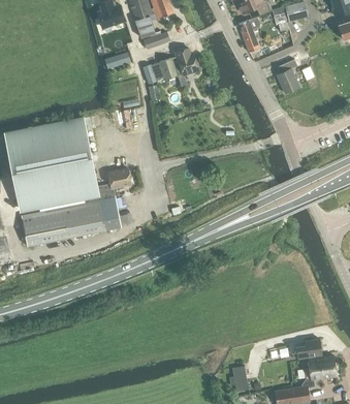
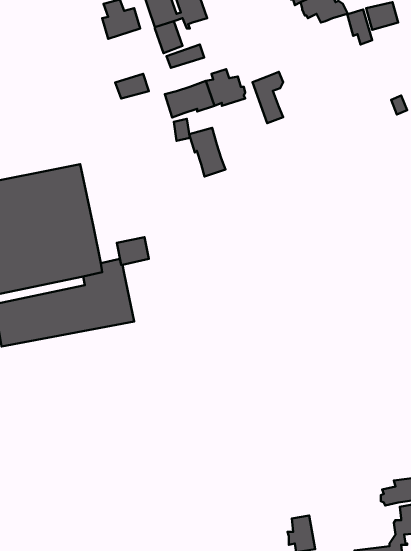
building: [237,17,259,53] -> [252,72,283,123]
building: [277,55,299,93] -> none
building: none -> [189,128,226,177]

